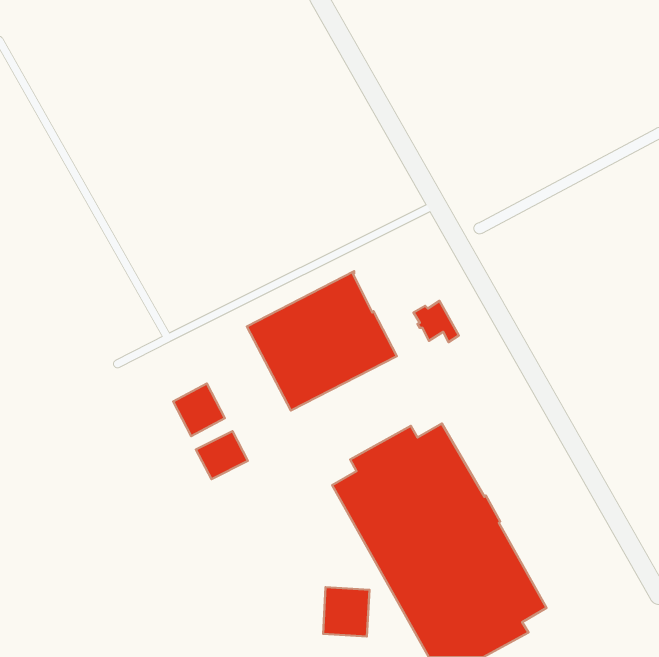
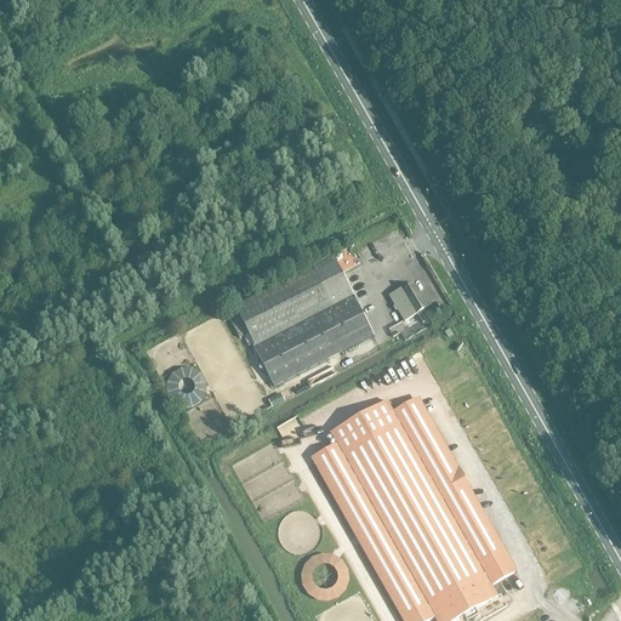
building: [196,431,248,479] -> none

